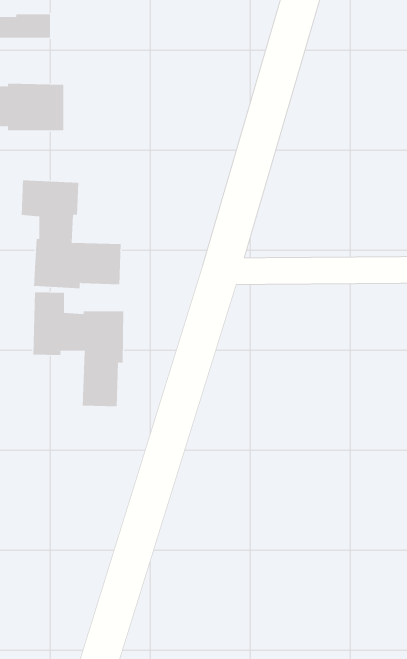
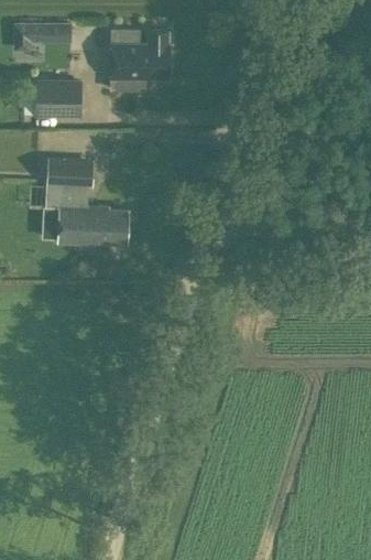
building: none -> [111,30,167,91]
building: [33,291,124,407] -> none

